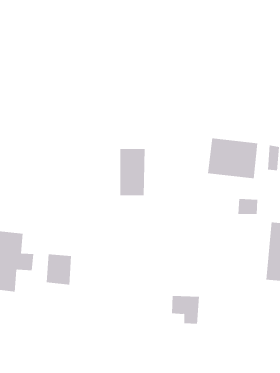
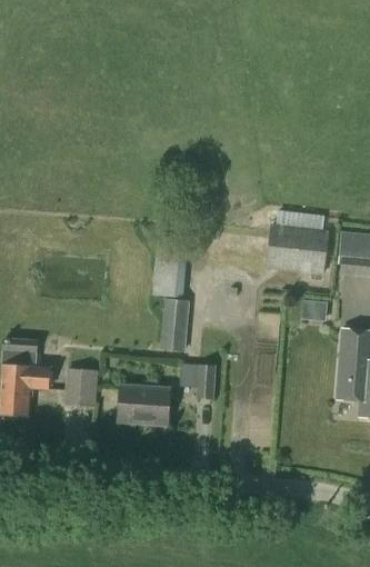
building: none -> [160,299,189,350]
building: none -> [118,386,169,425]
building: [171,296,200,324] -> [180,364,216,399]

